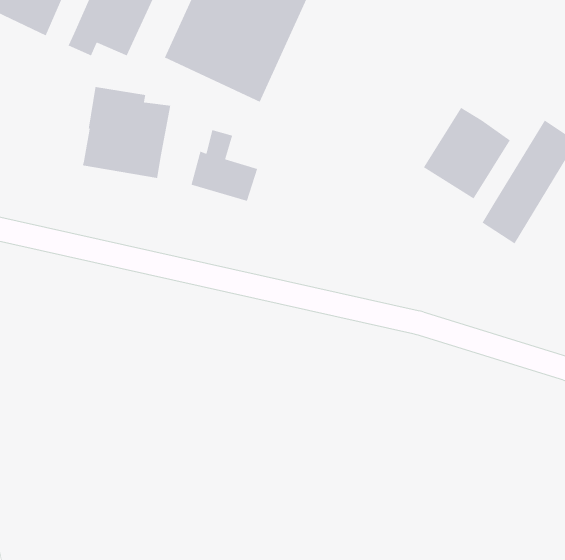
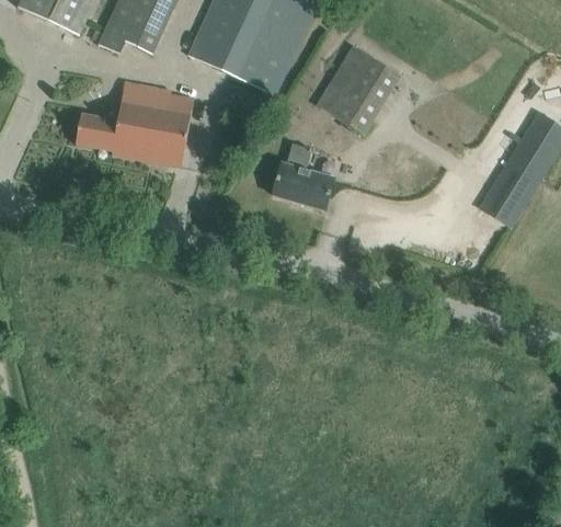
building: [423,107,511,199] -> [317,48,398,134]
building: none -> [76,114,118,150]
building: [190,129,258,202] -> [273,142,335,209]

